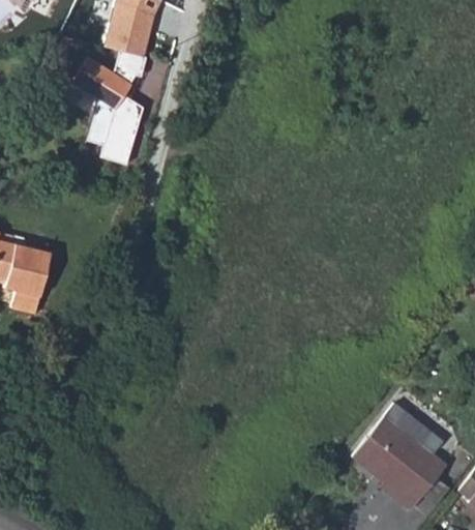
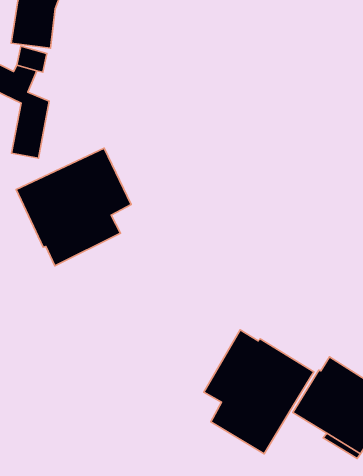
building: none -> [16,148,131,266]
building: none -> [204,330,314,454]

